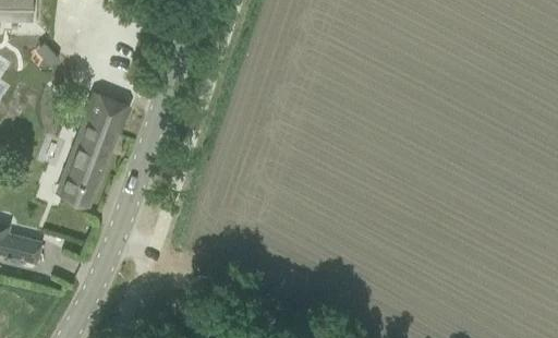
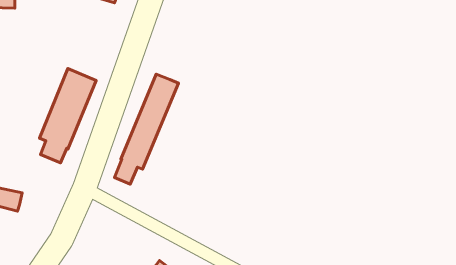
building: none -> [114,74,178,184]

